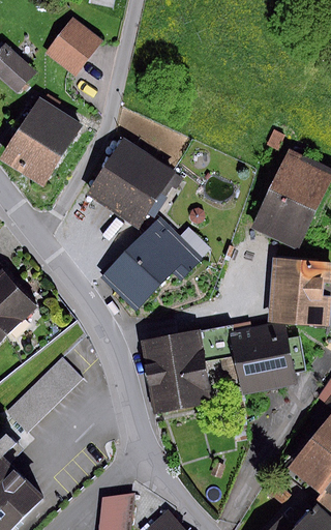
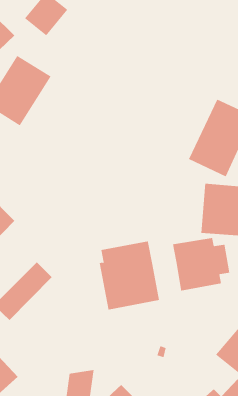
building: [85,137,175,227] -> none
building: [102,216,202,304] -> none
building: [202,324,236,359] -> none

